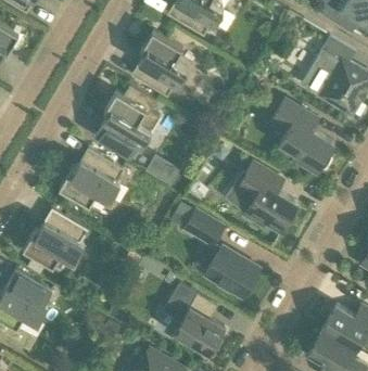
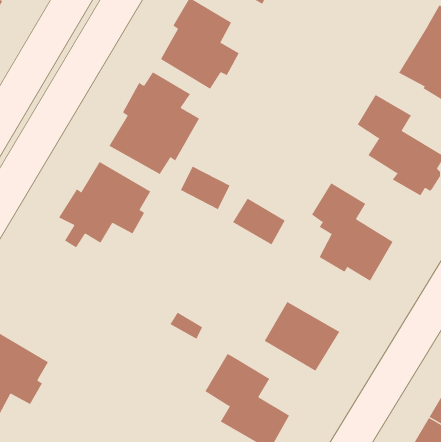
building: [23,207,88,266] -> none
building: [185,210,223,244] -> [232,198,285,245]

